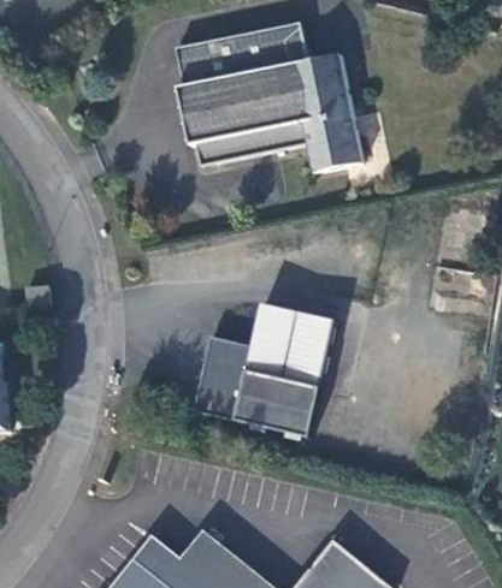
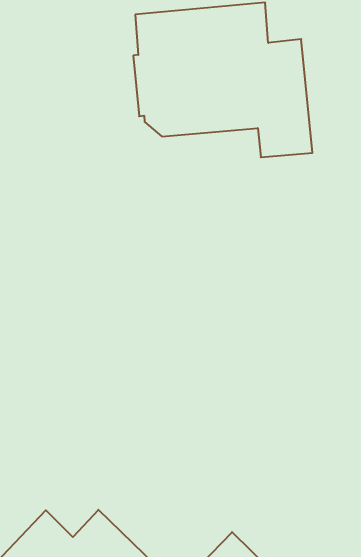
building: [197,304,338,439] -> none

